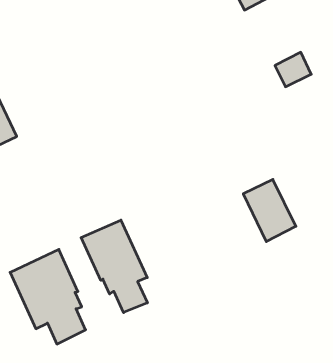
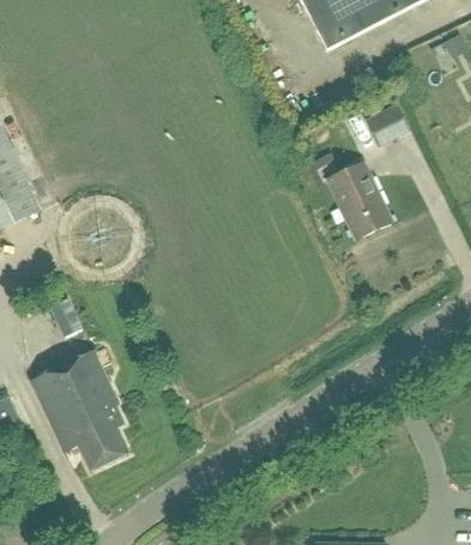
building: [243,179,296,242] -> [326,161,392,238]
building: [81,220,147,313] -> none

